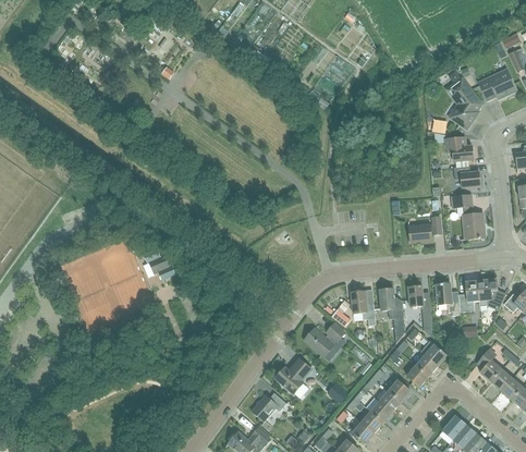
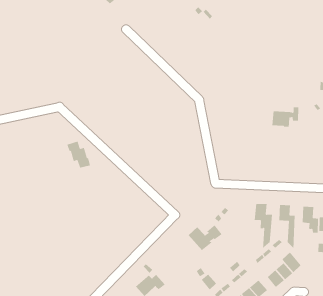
building: [408,216,441,243] -> [272,107,299,127]
building: [351,291,376,325] -> none
building: [274,358,310,393] -> none

